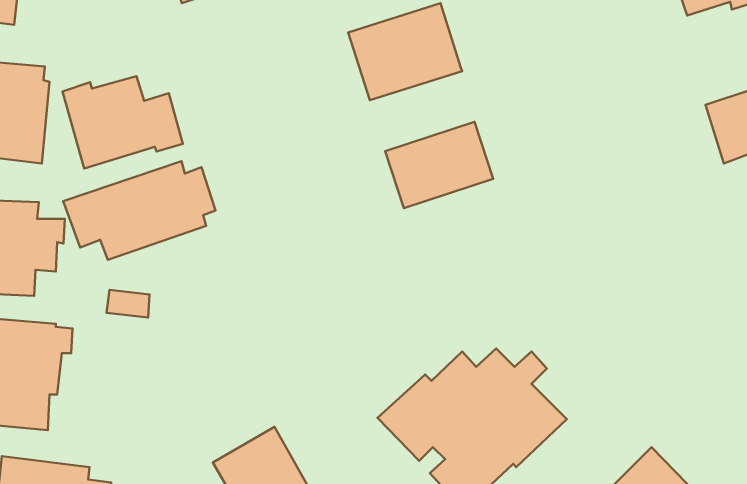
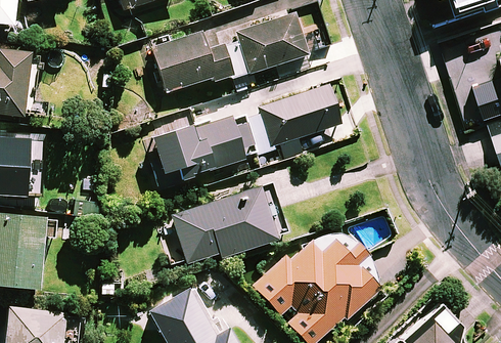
building: [63,76,183,169] -> [151,31,231,92]
building: [63,161,216,260] -> [151,113,253,178]
building: none -> [172,182,288,263]

